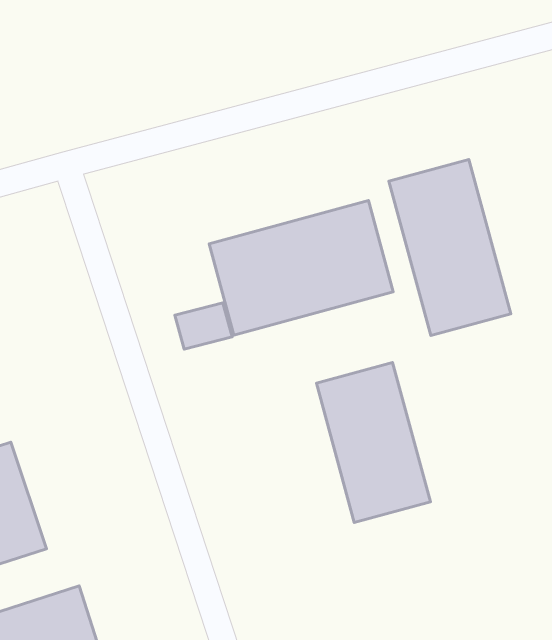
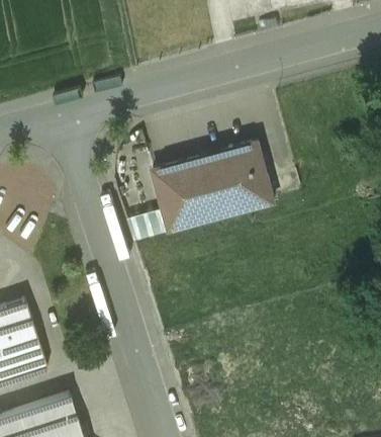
building: [389,159,511,336] -> none
building: [316,362,430,522] -> none

